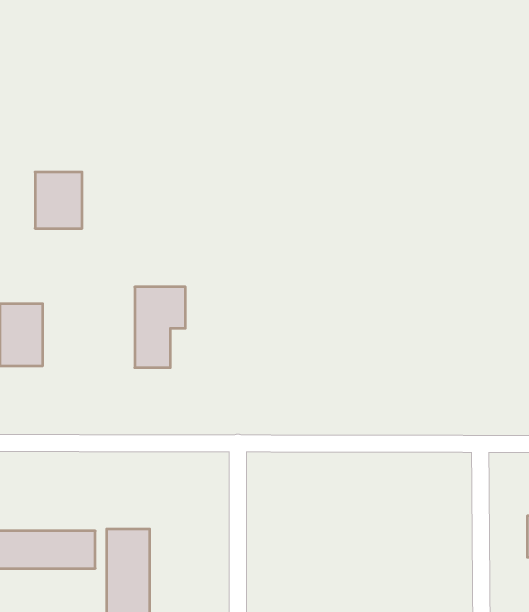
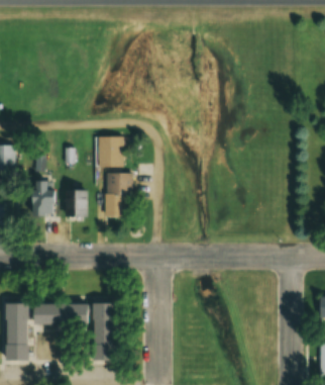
building: [35,172,82,228] -> [98,137,123,168]
building: none -> [68,190,90,216]

